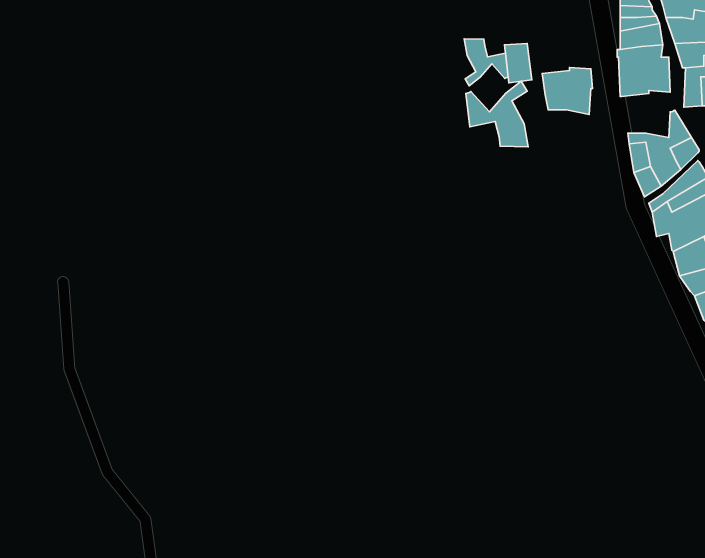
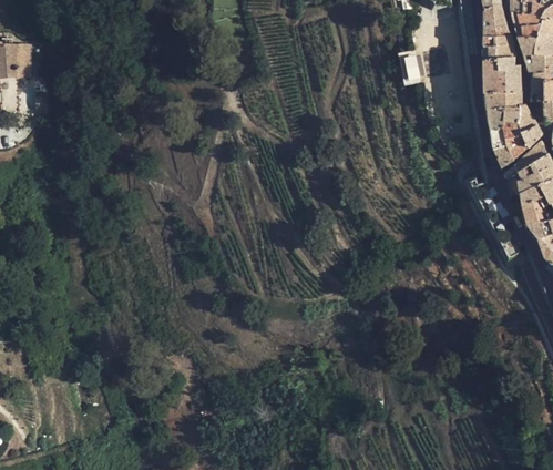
building: [464,39,508,86] -> none
building: [542,67,592,114] -> [485,89,522,123]
building: [466,81,528,147] -> none

